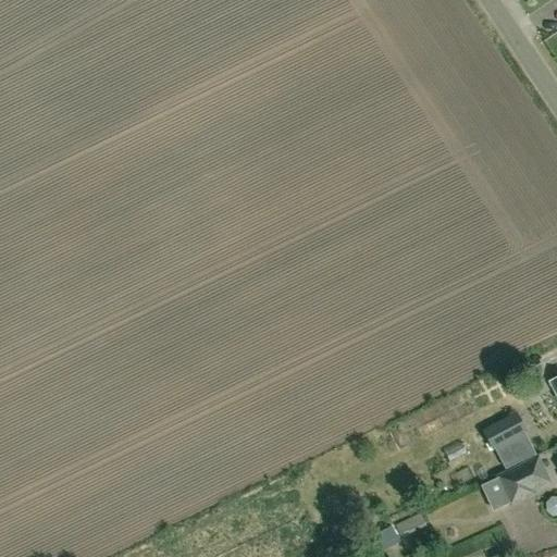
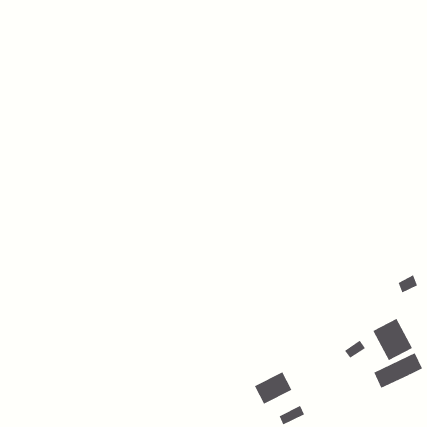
building: none -> [254,372,292,404]

